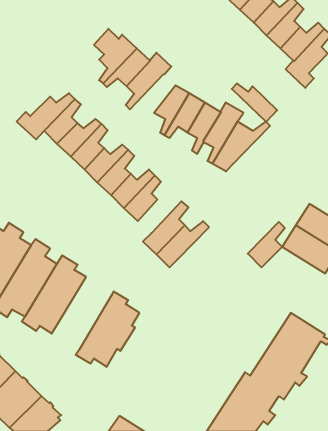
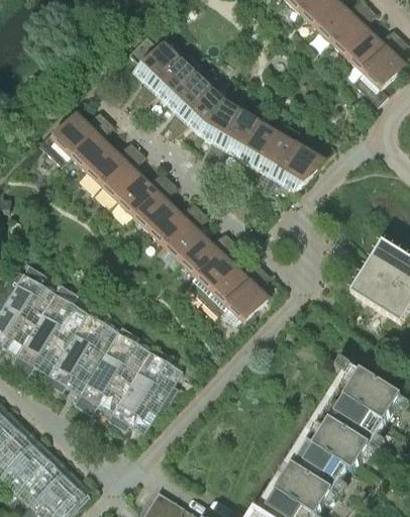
building: none -> [171,88,224,133]
building: [232,83,277,122] -> none
building: none -> [180,230,231,275]
building: [248,222,285,267] -> [227,268,271,321]
building: none -> [73,324,148,412]

